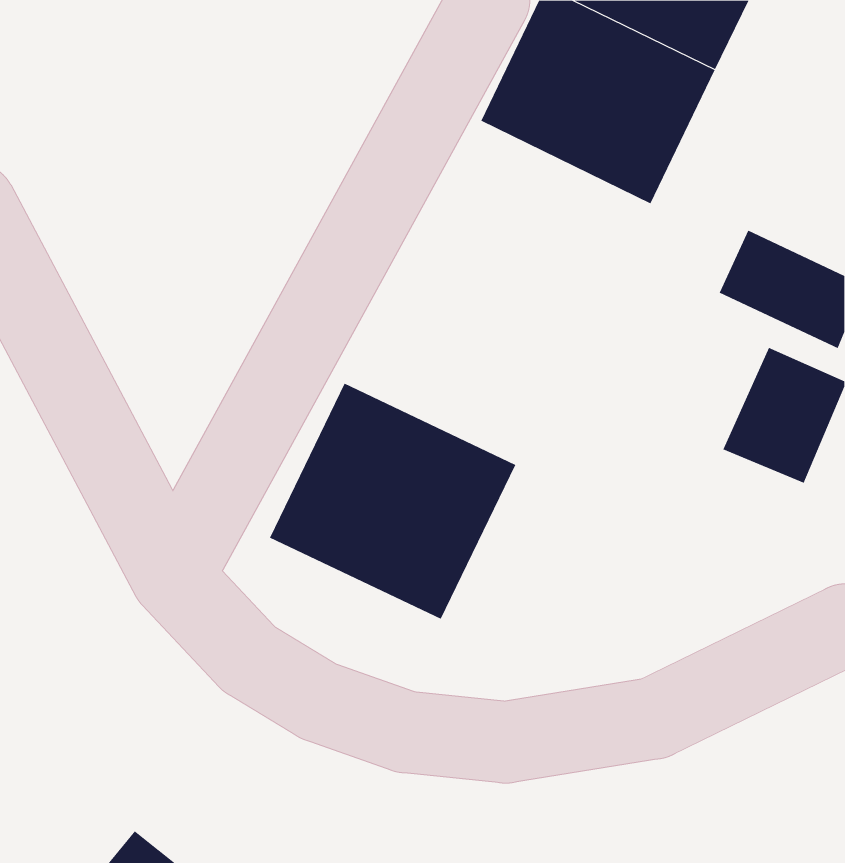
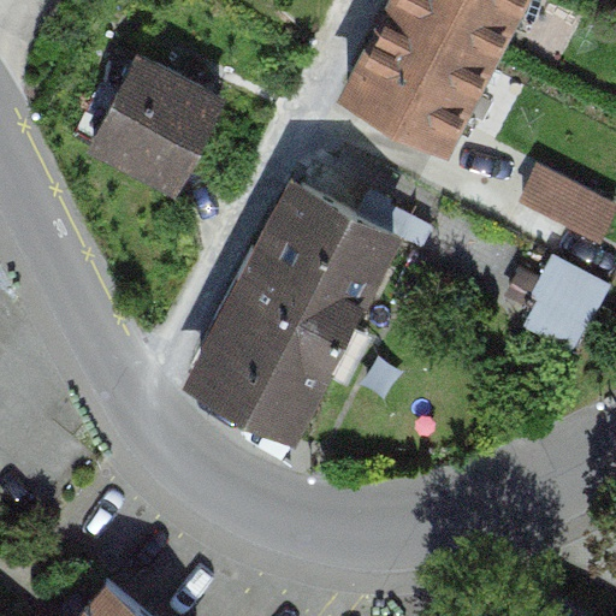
building: none -> [78,49,220,196]
building: none -> [243,166,416,333]

